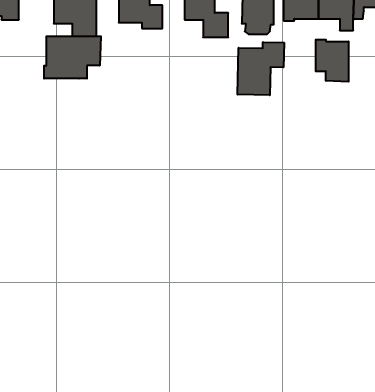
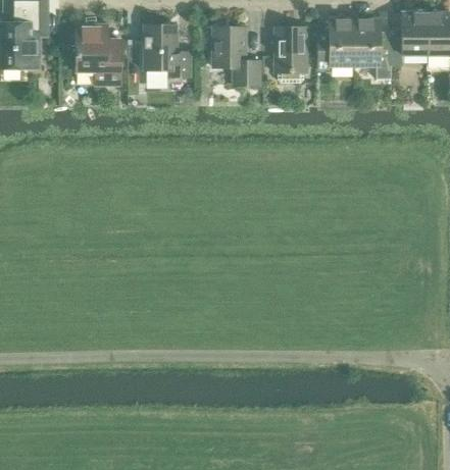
building: [44,36,101,79] -> none
building: [316,40,349,82] -> none
building: [238,42,284,95] -> none

